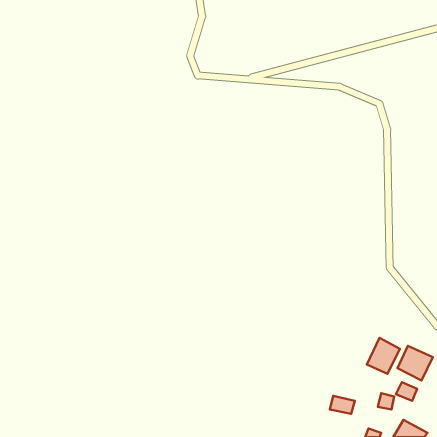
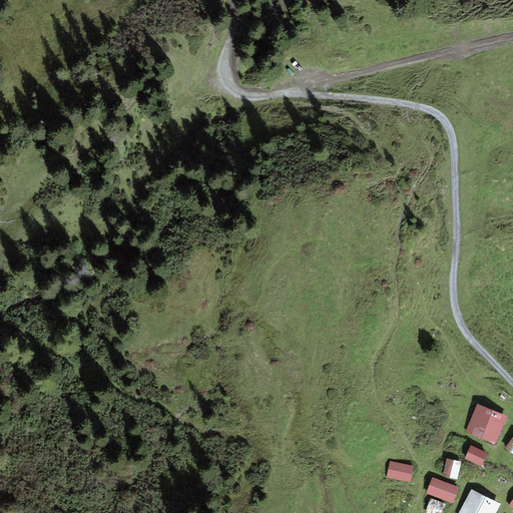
building: [367,338,400,374] -> none
building: none -> [427,478,459,503]

